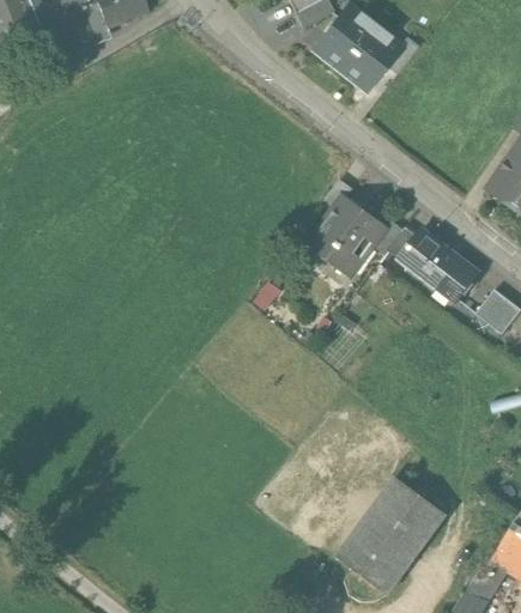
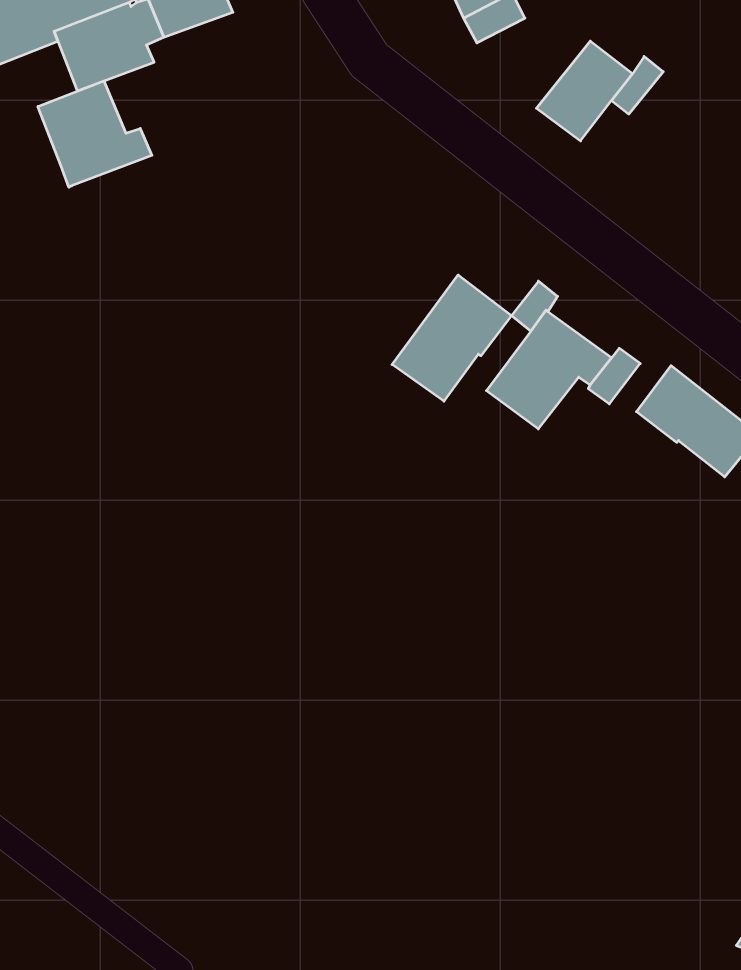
building: [315,8,374,71] -> none
building: none -> [38,81,152,187]
building: none -> [392,275,511,401]
building: [343,474,448,591] -> none

